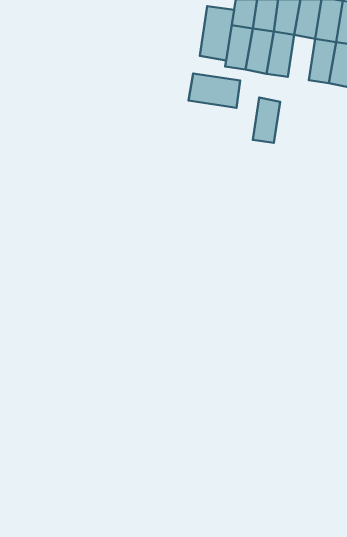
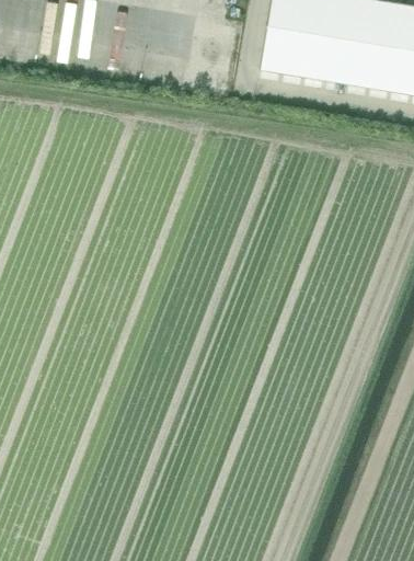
building: [200,6,234,61] -> none
building: [188,74,240,108] -> none
building: [253,97,280,143] -> [326,36,355,83]

